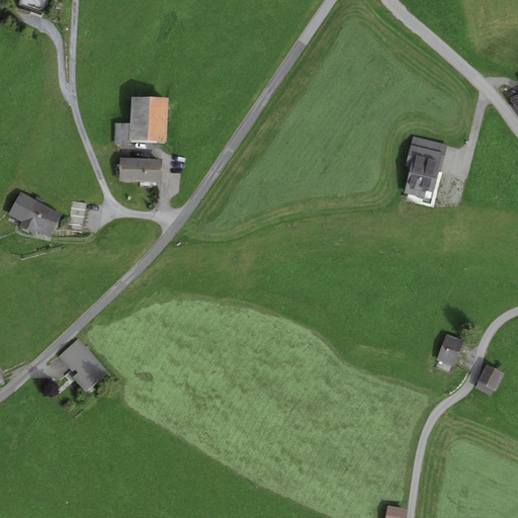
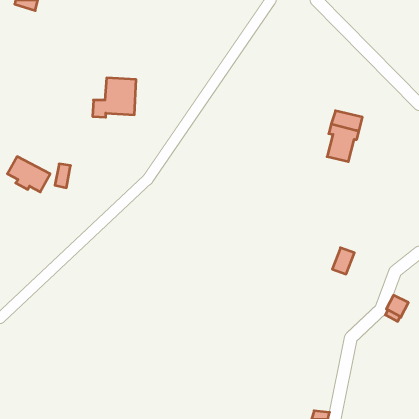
building: [118,157,162,183] -> none
building: [436,334,463,366] -> [332,248,354,274]
building: [59,339,108,392] -> none

